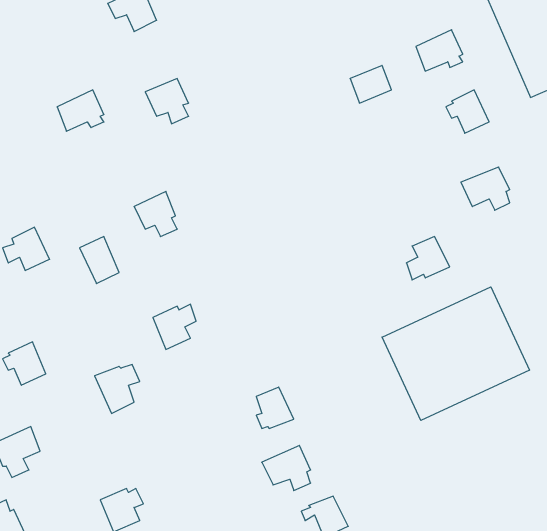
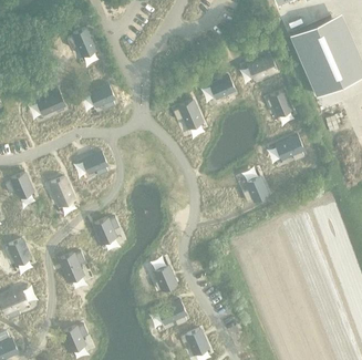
building: none -> [173,101,201,128]
building: [382,287,529,420] -> none

